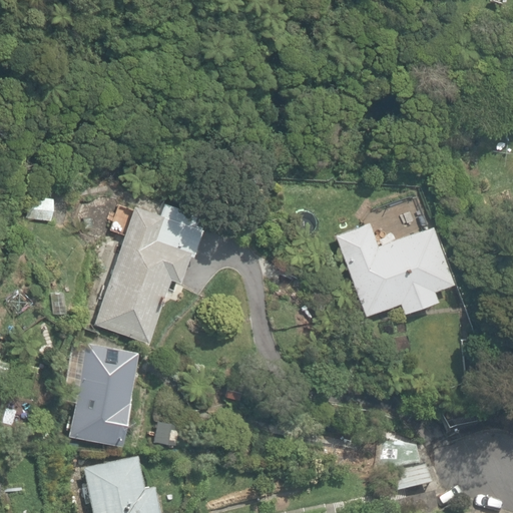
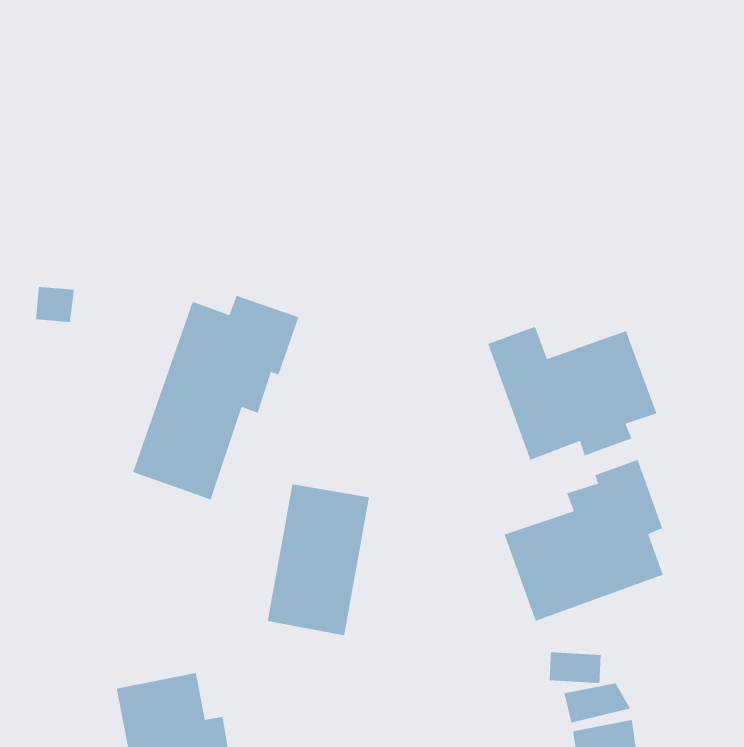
building: none -> [503,459,664,622]
building: [70,343,140,447] -> [267,484,370,636]

